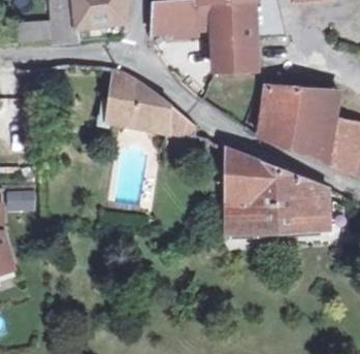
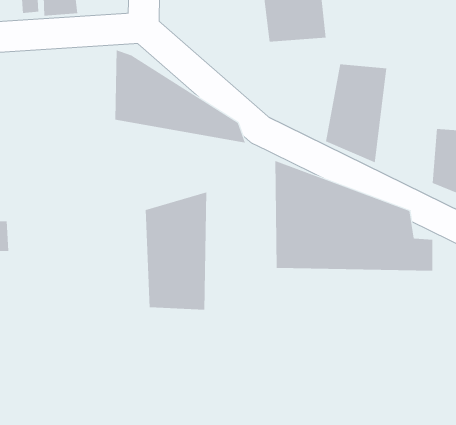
building: [294,84,341,166] -> none
building: none -> [145,192,207,311]

